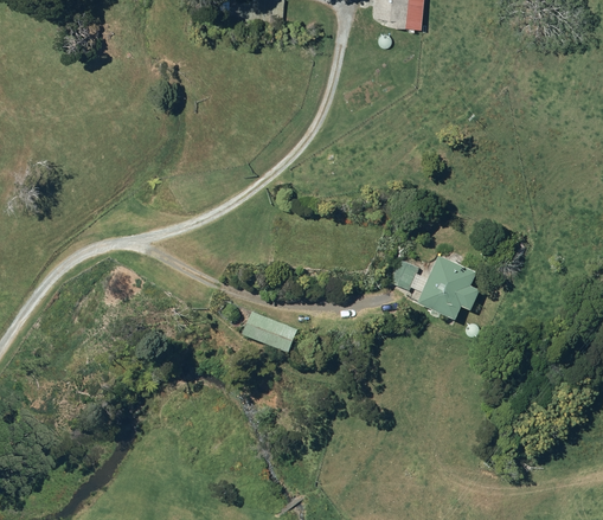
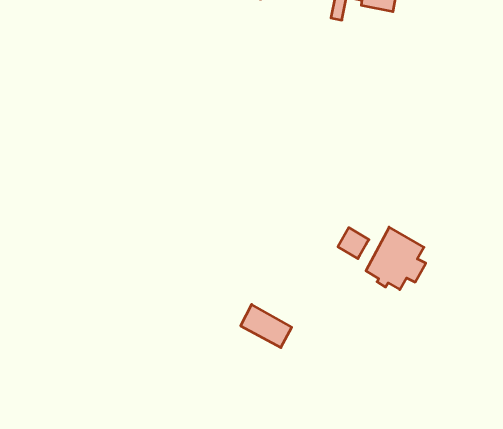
building: [243,310,297,353] -> [241,304,292,348]

